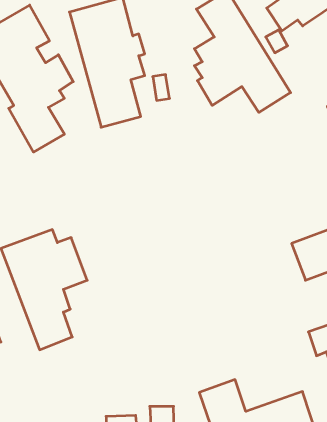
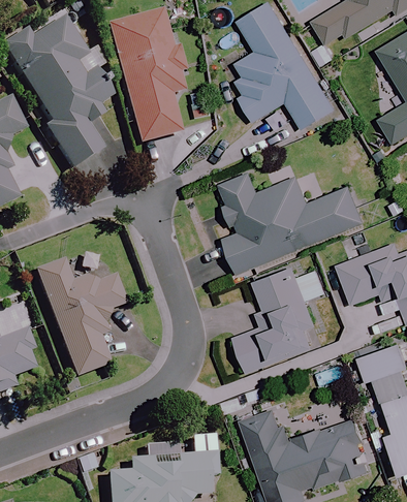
building: none -> [222,170,367,272]
building: none -> [237,261,331,370]

